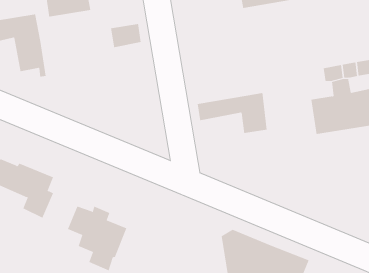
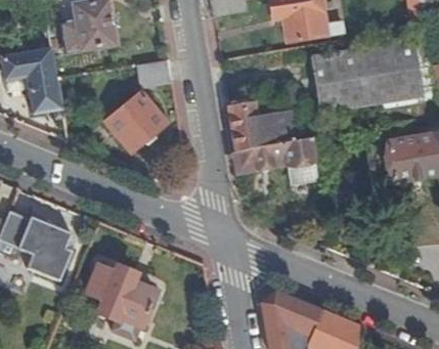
building: none -> [310,39,422,111]
building: none -> [106,91,165,148]
building: none -> [229,105,294,149]

